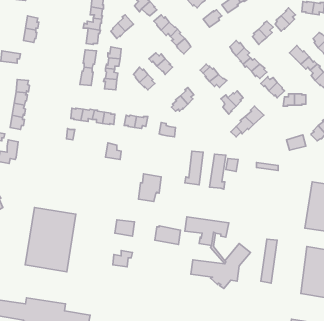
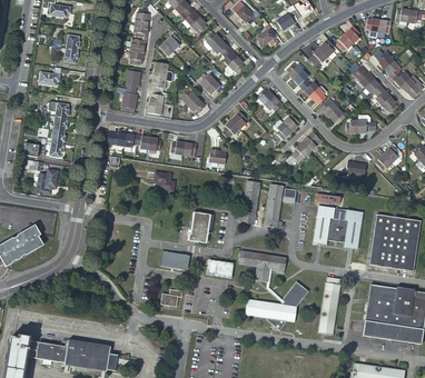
building: none -> [313,203,362,247]
building: [25,207,76,272] -> none

